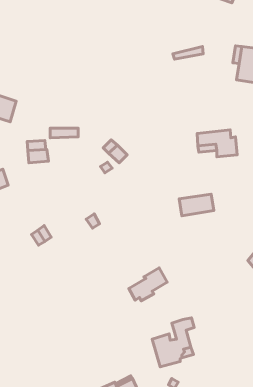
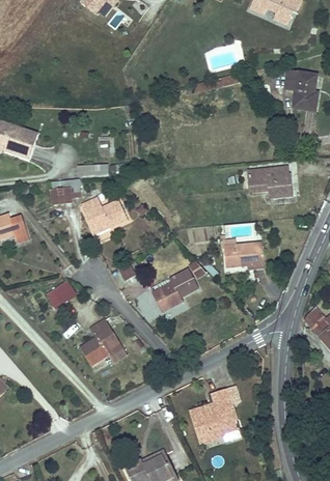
building: none -> [81,197,125,225]
building: none -> [81,316,122,362]
building: [129,268,167,301] -> [153,267,197,306]

